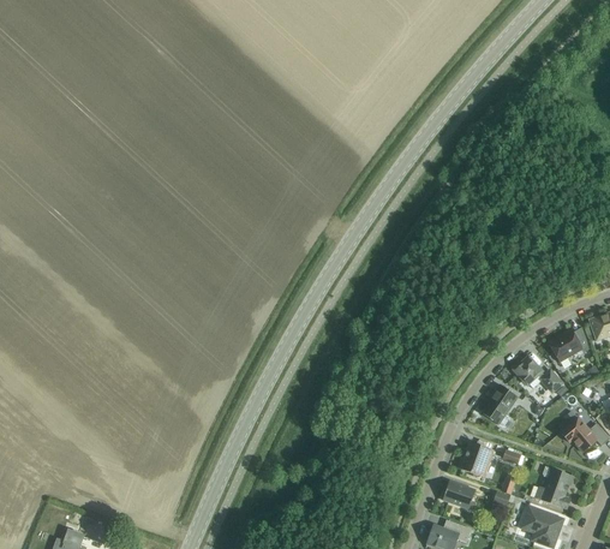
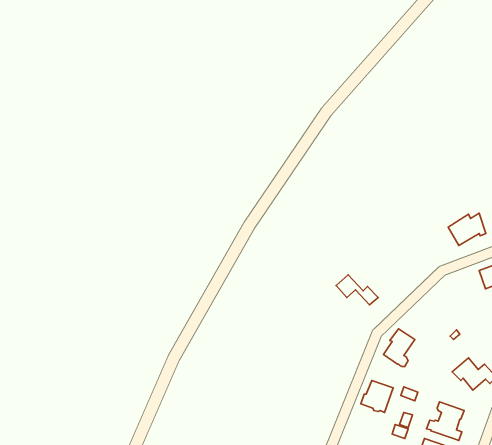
building: [548,326,590,362] -> [448,213,486,245]
building: [515,357,562,390] -> [336,275,378,305]
building: [442,479,476,508] -> none

